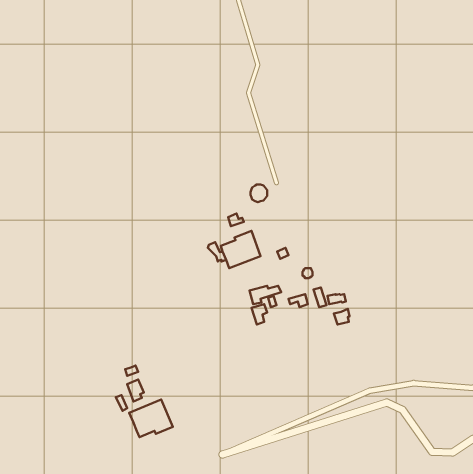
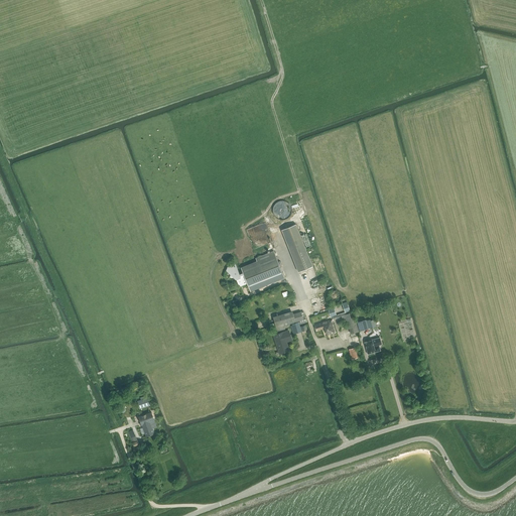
building: none -> [280,224,311,272]
building: [129,399,173,437] -> none

